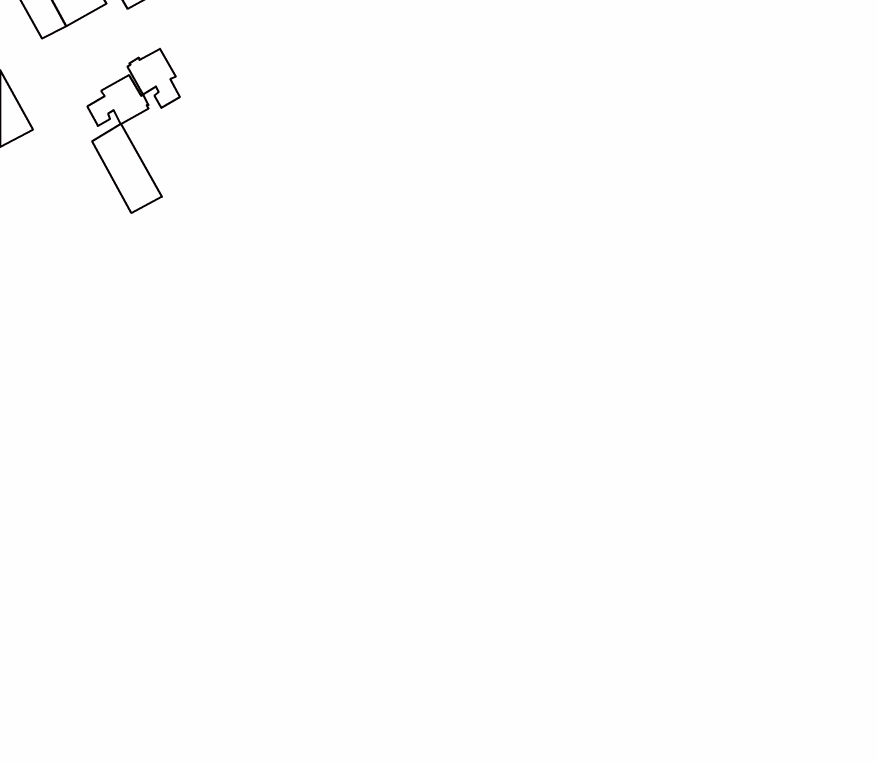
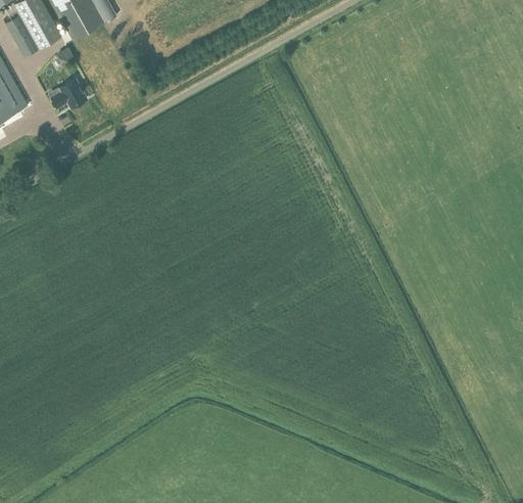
building: [128,49,180,108] -> none
building: [92,124,162,213] -> none

